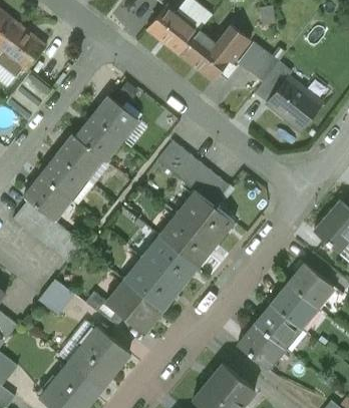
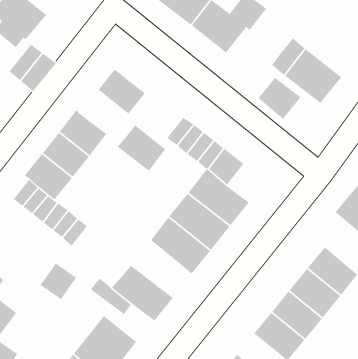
building: [238,43,279,83] -> [258,77,302,120]
building: [75,116,121,160] -> [117,124,166,172]
building: [123,257,181,311] -> none

